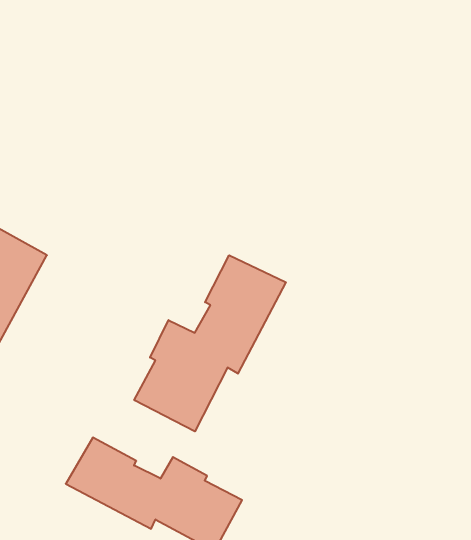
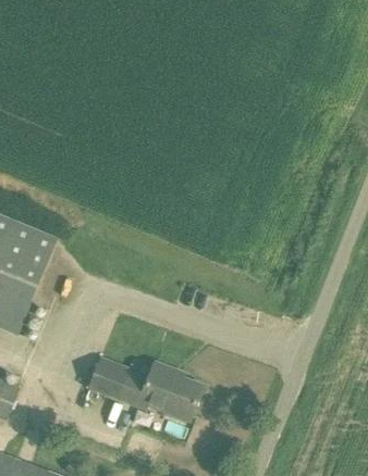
building: [134,255,286,431] -> none

